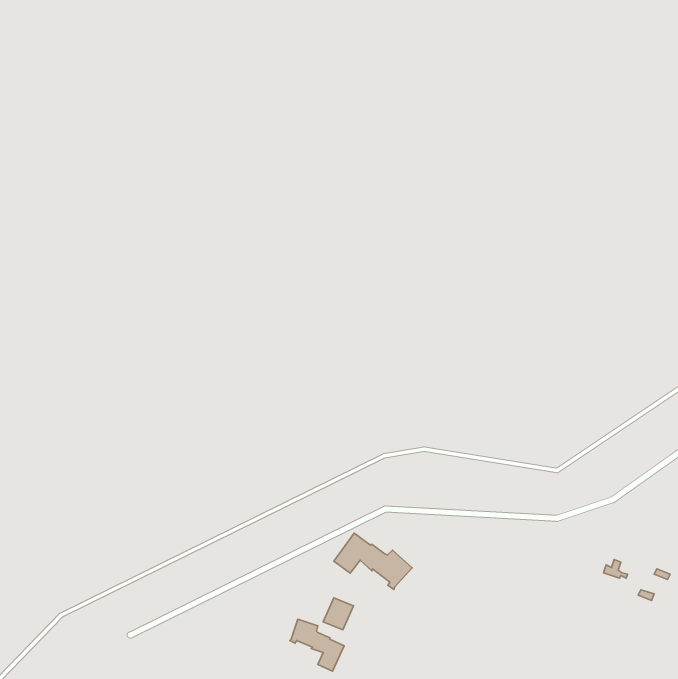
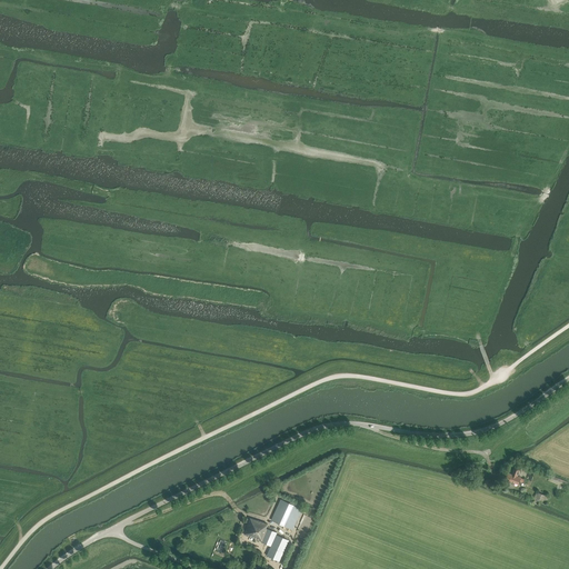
building: [334,533,412,589] -> none

